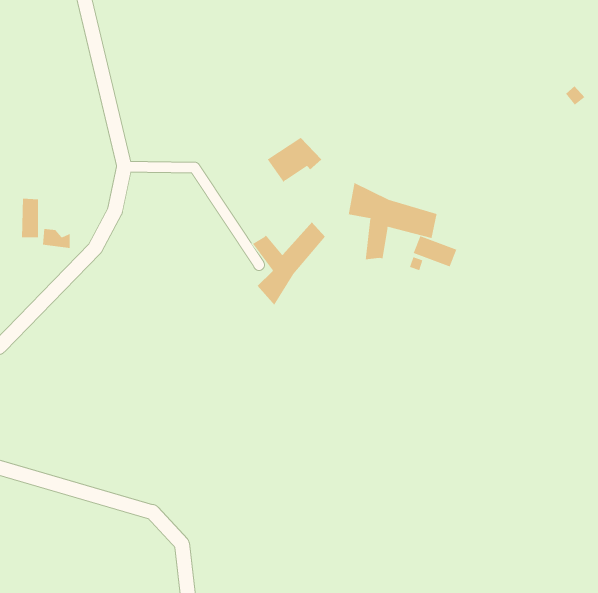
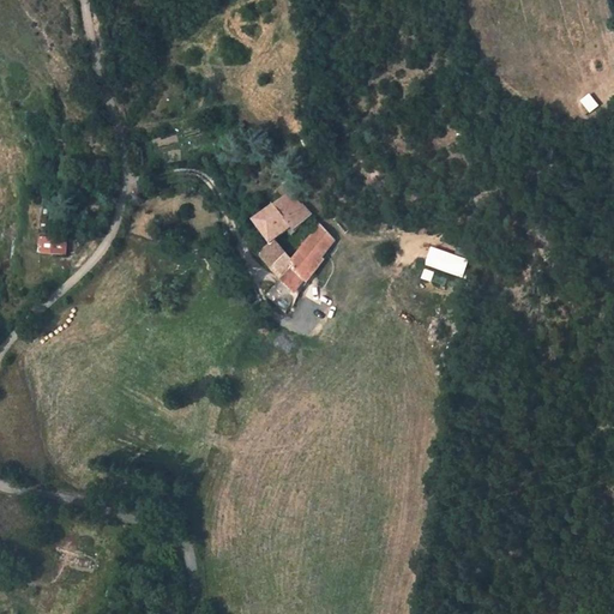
building: [267,137,322,183] -> [253,195,309,242]
building: [348,182,437,260] -> none

